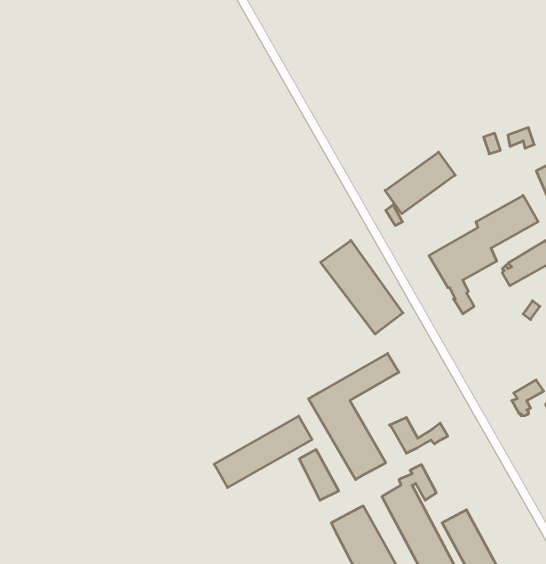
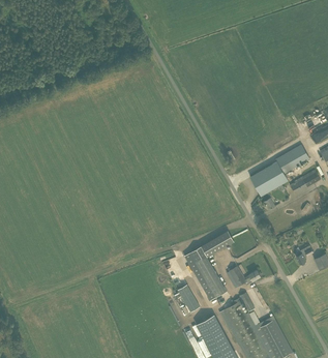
building: [385,152,455,214] -> none
building: [321,240,403,334] -> none
building: [214,416,312,488] -> none

